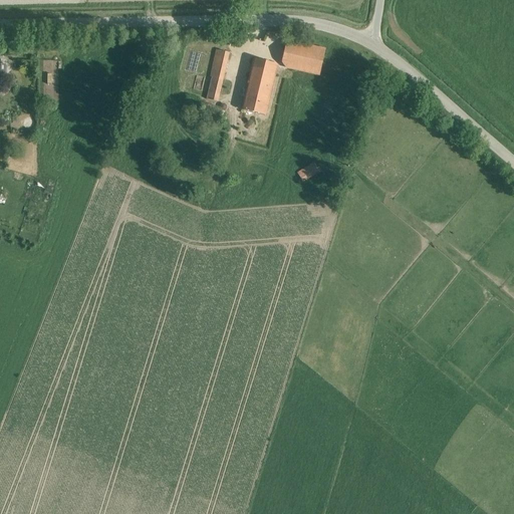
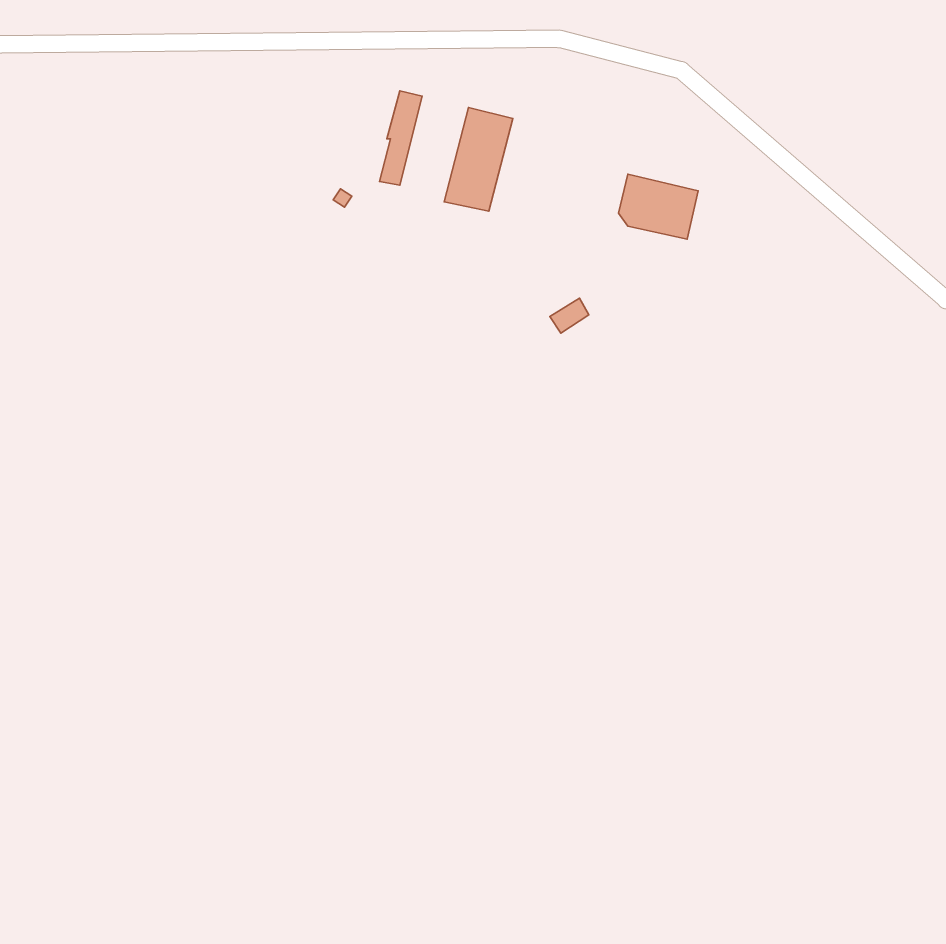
building: [282,39,325,74] -> [619,174,698,239]

